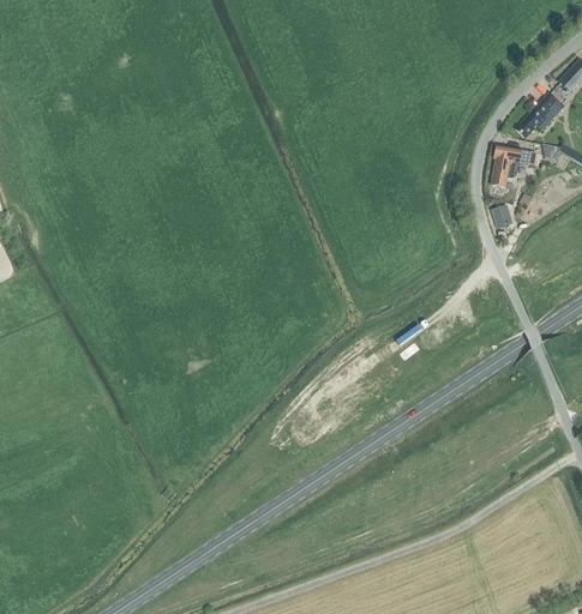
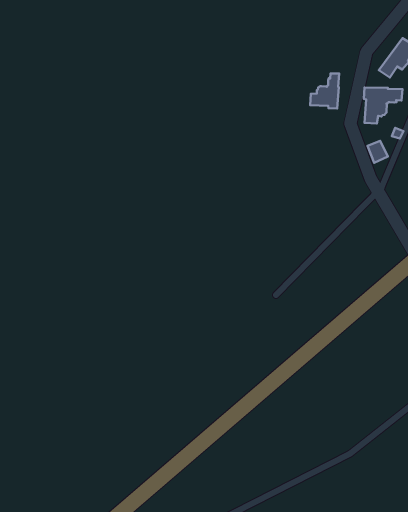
building: none -> [310,73,339,108]

